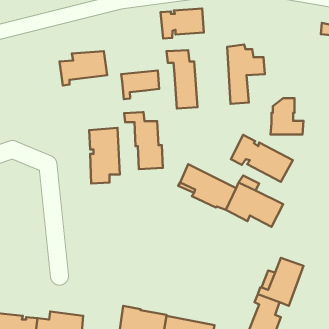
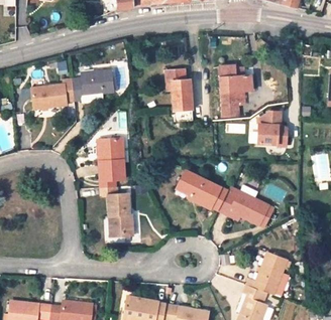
building: [161,8,204,38] -> none
building: none -> [32,79,75,109]
building: [121,71,159,99] -> none
building: [124,112,163,169] -> [100,186,134,236]
building: [231,135,293,182] -> none

